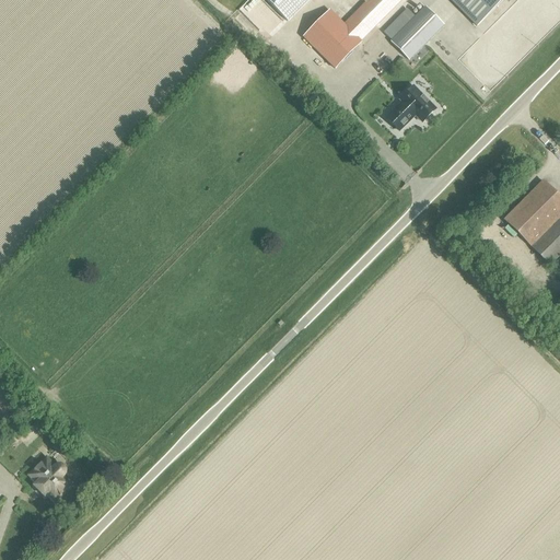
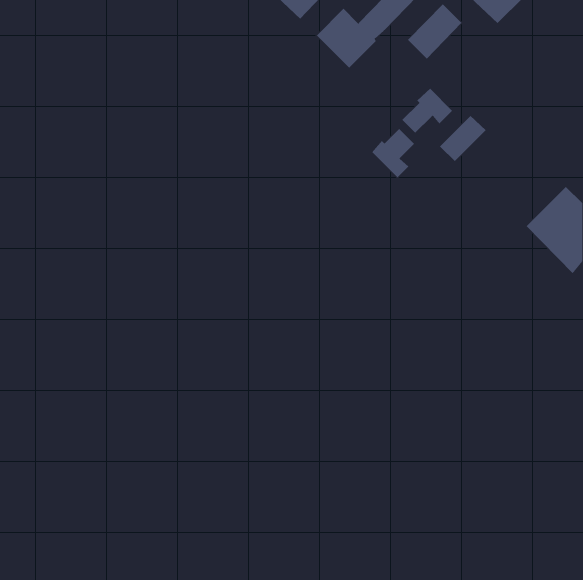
building: none -> [439,115,486,162]
building: none -> [371,128,415,178]
building: [30,456,71,498] -> none

